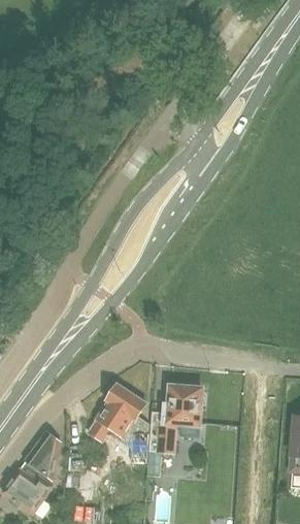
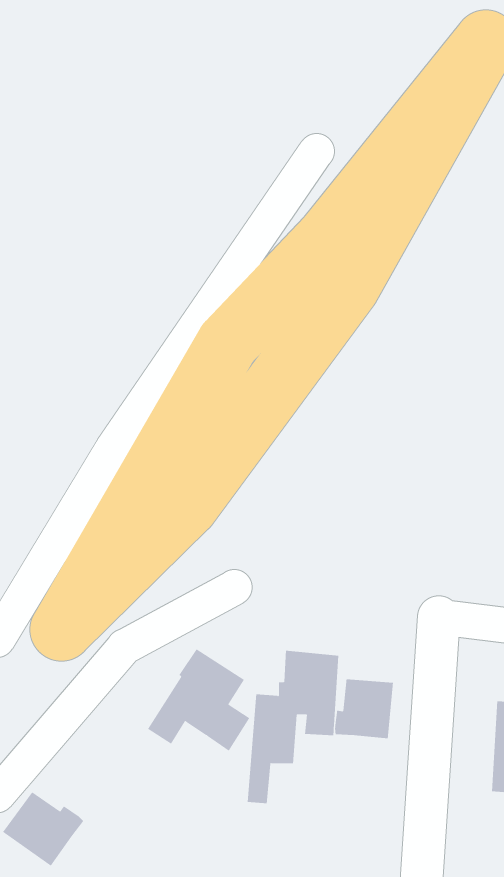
building: none -> [335,679,393,739]
building: [21,431,60,483] -> none

